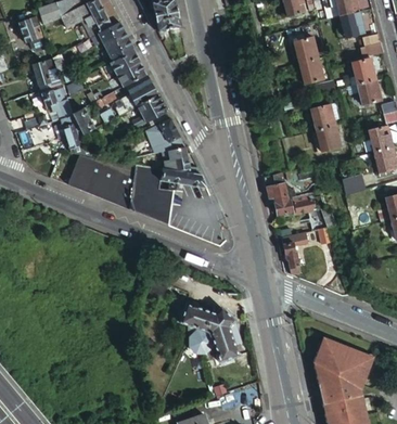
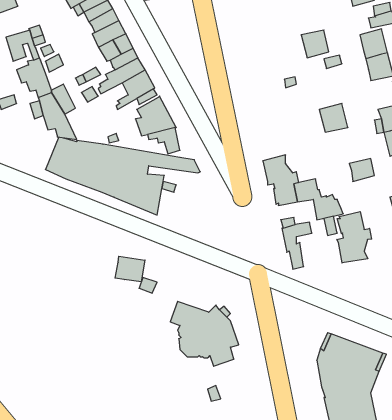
building: [294,37,320,63] -> none
building: [310,104,345,130] -> none
building: none -> [337,212,372,263]
building: none -> [115,256,145,282]

